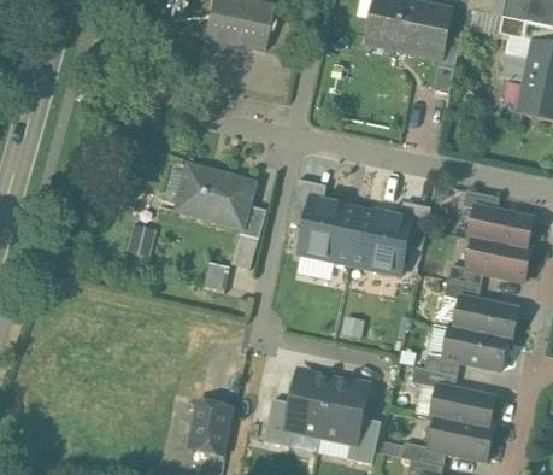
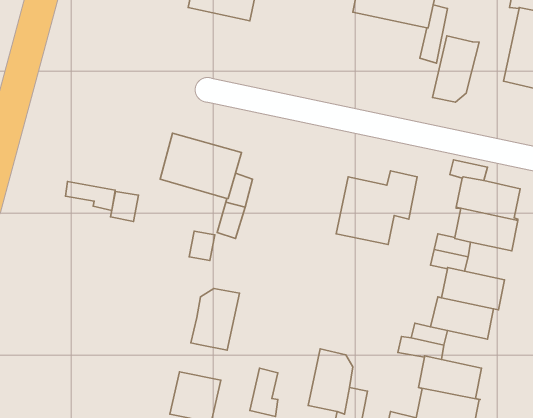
building: none -> [433,36,479,102]
building: [288,178,361,264] -> none
building: none -> [66,182,115,210]
building: [286,374,334,435] -> [191,288,239,350]

